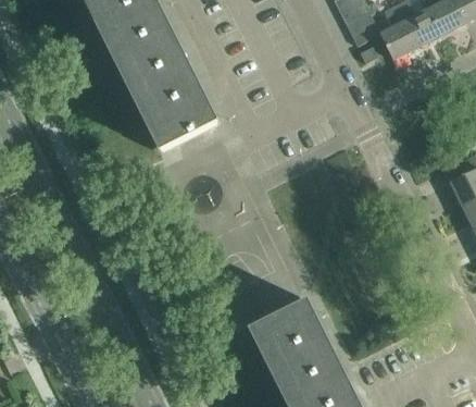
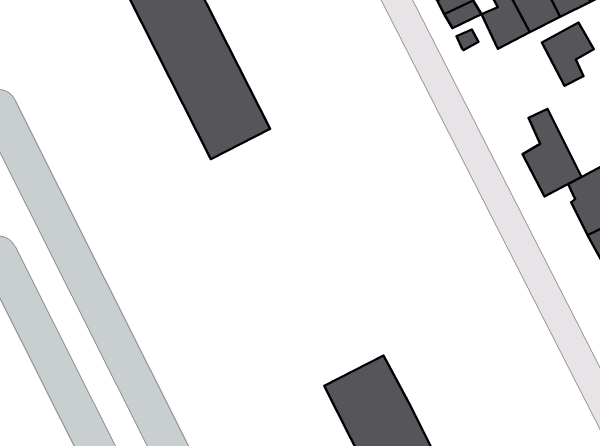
building: none -> [542,22,594,86]
building: none -> [522,109,582,197]

